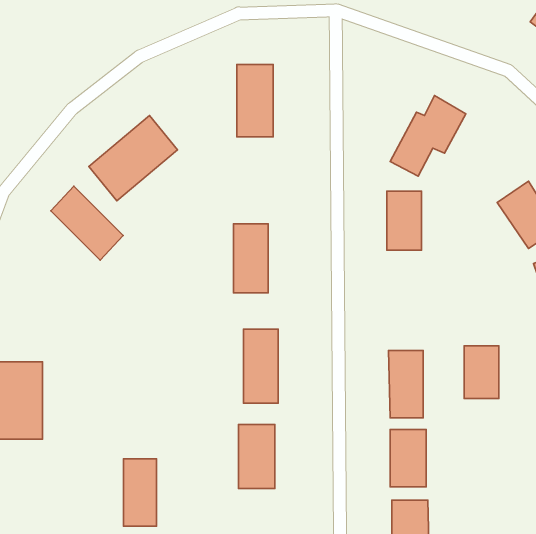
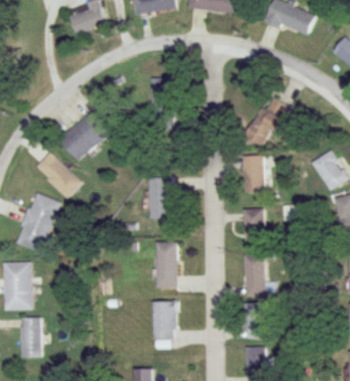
building: none -> [15,193,59,253]
building: [464,346,499,398] -> [243,209,265,242]
building: [124,459,156,526] -> [19,317,40,359]

